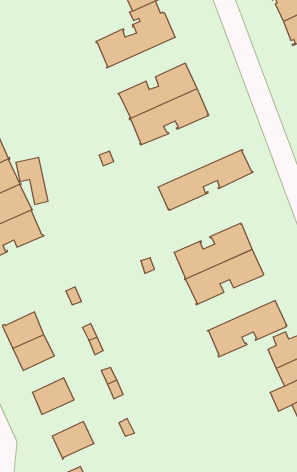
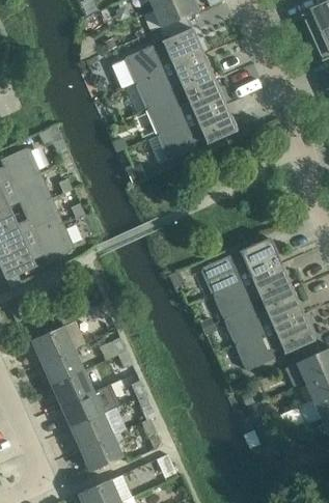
building: none -> [136,53,214,109]
building: [158,150,253,210] -> none
building: none -> [224,288,303,344]
building: none -> [52,369,92,406]
building: none -> [71,413,112,449]

